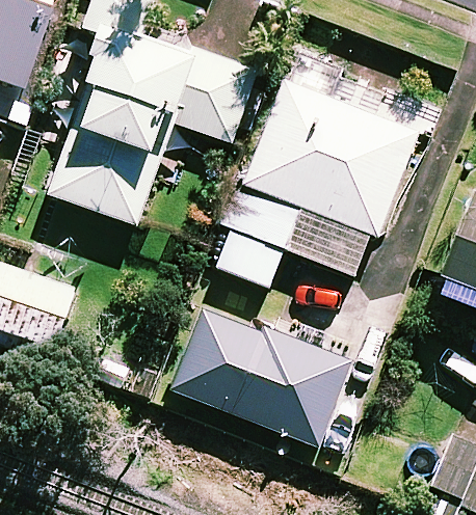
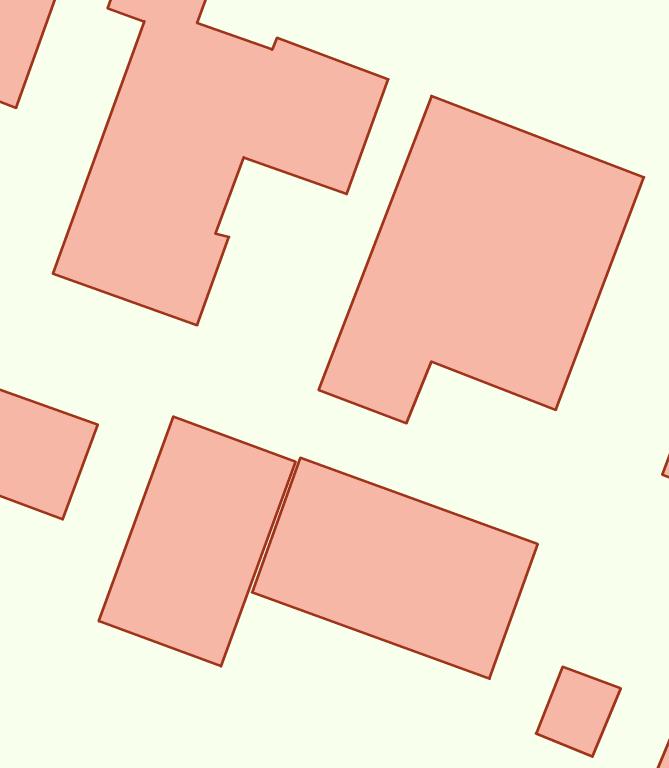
building: none -> [99,417,295,666]

